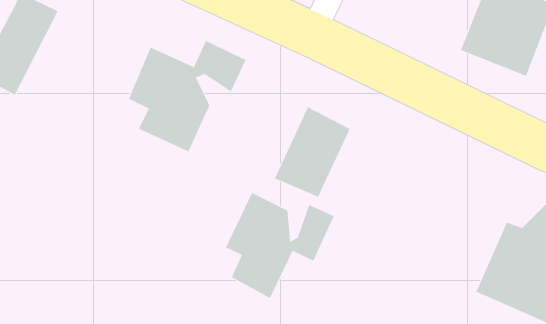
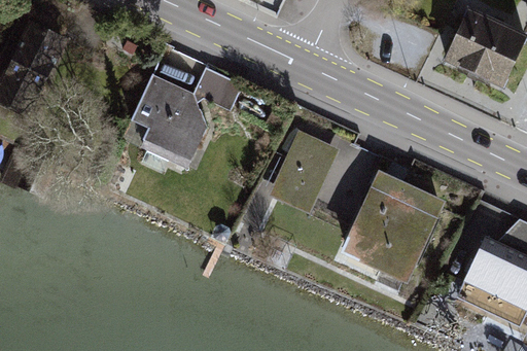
building: none -> [342,169,446,284]
building: [225,192,334,299] -> none

